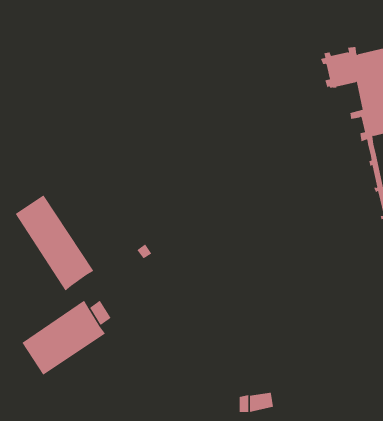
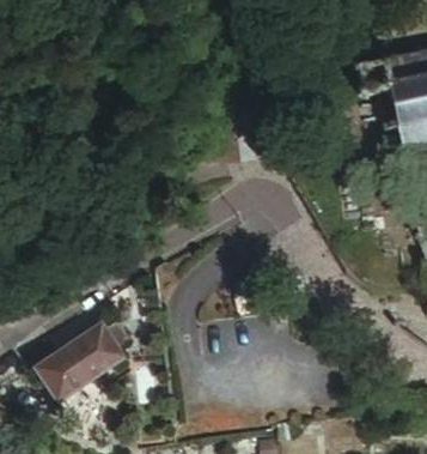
building: [15,194,94,291] -> none

